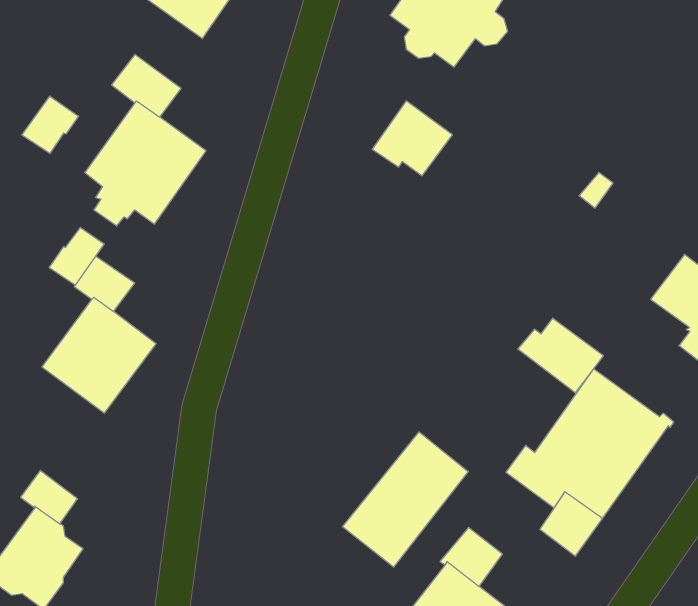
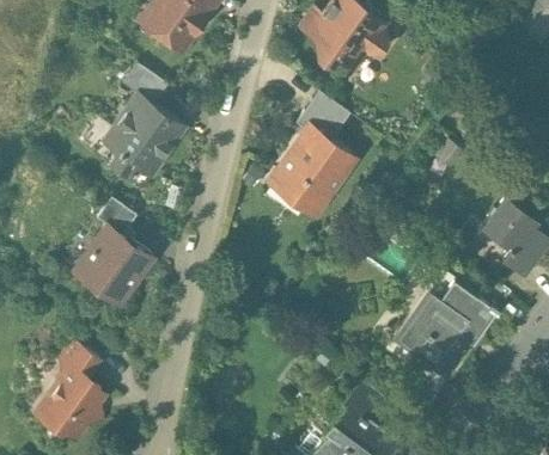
building: [22,96,79,153] -> none
building: none -> [273,135,352,209]
building: [49,227,104,285] -> none
building: [518,318,603,393] -> none
building: [342,432,468,567] -> none

